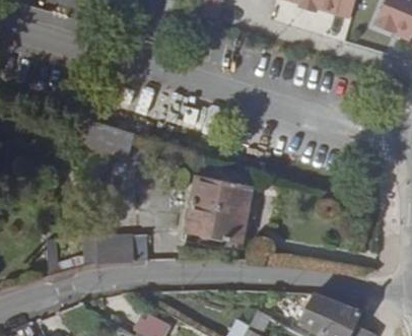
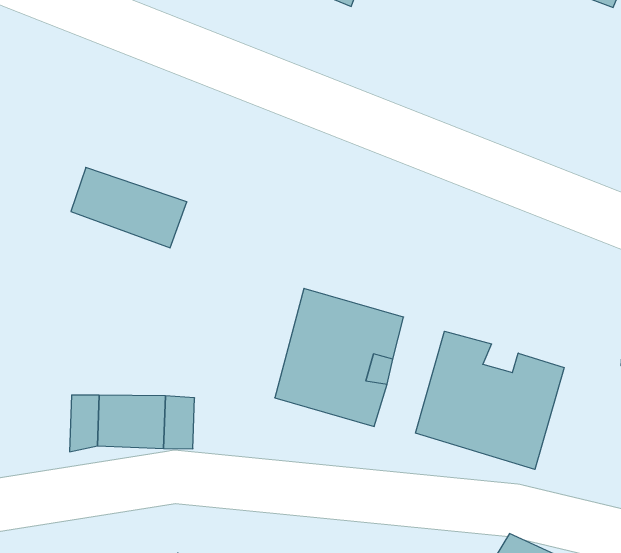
building: none -> [415,331,564,469]

